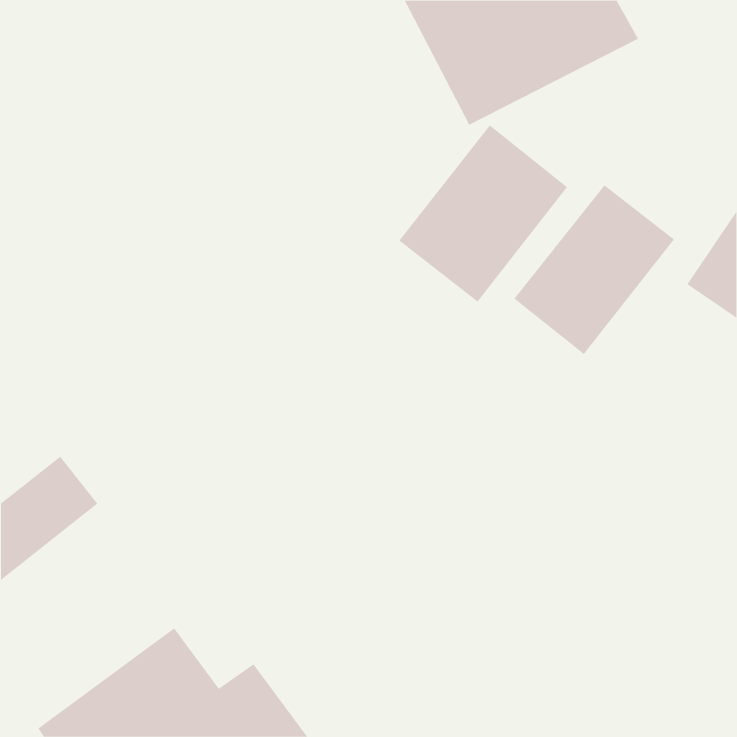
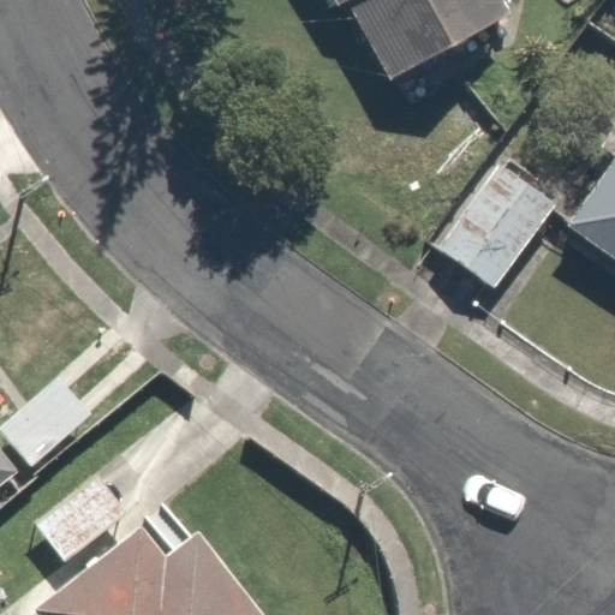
building: [398,125,568,303] -> none

